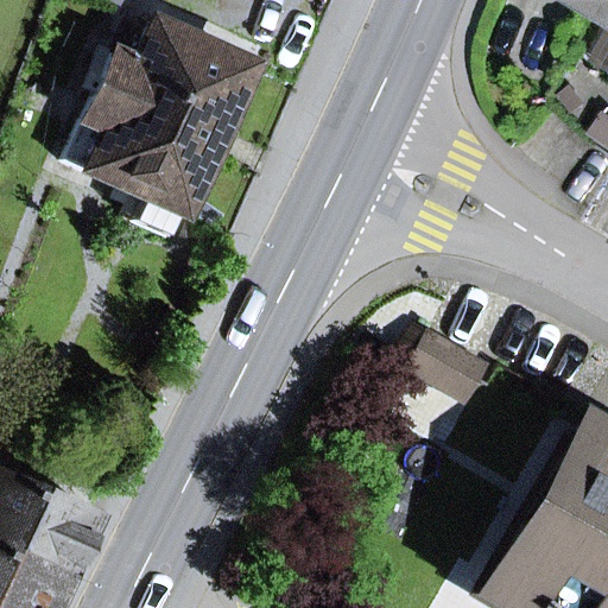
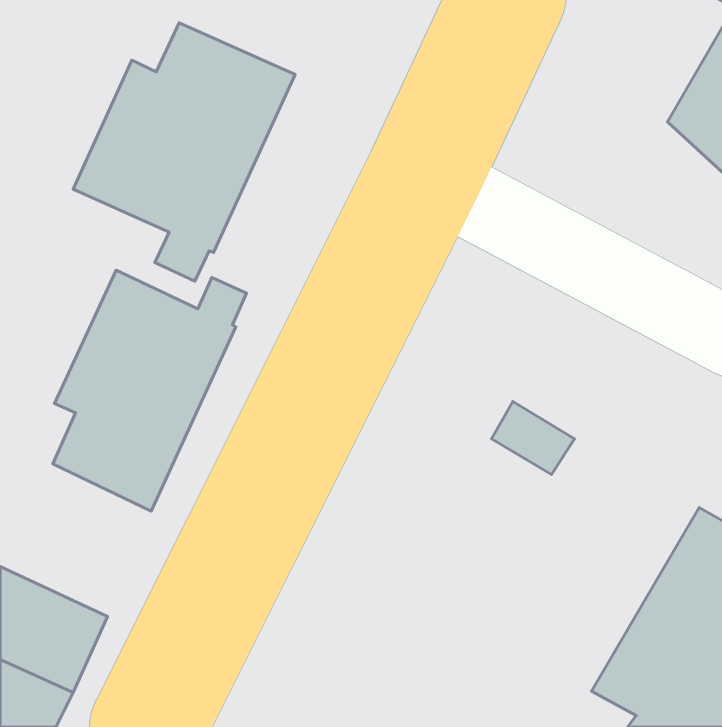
building: none -> [53,270,247,511]

